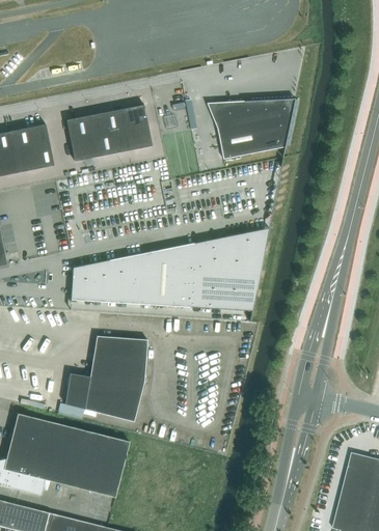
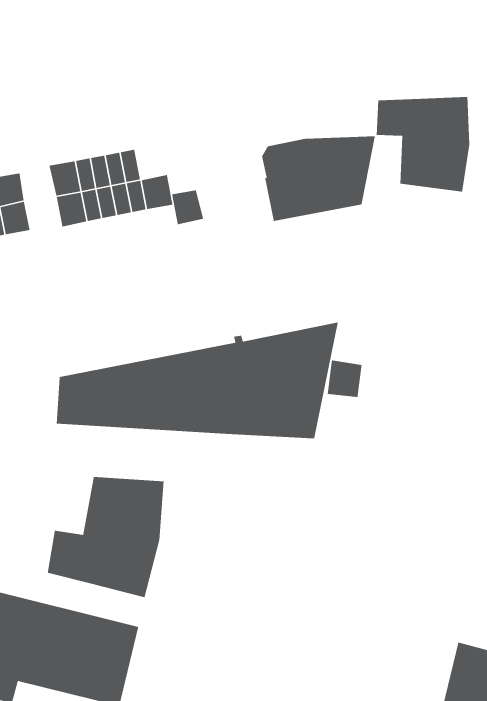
building: none -> [376,96,470,192]
building: [126,105,148,130] -> [171,189,204,225]
building: none -> [327,360,363,398]

